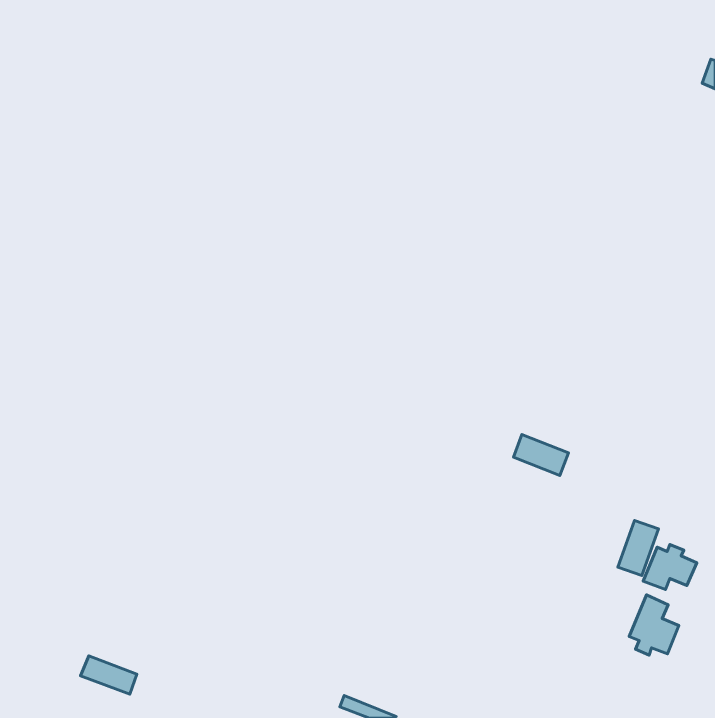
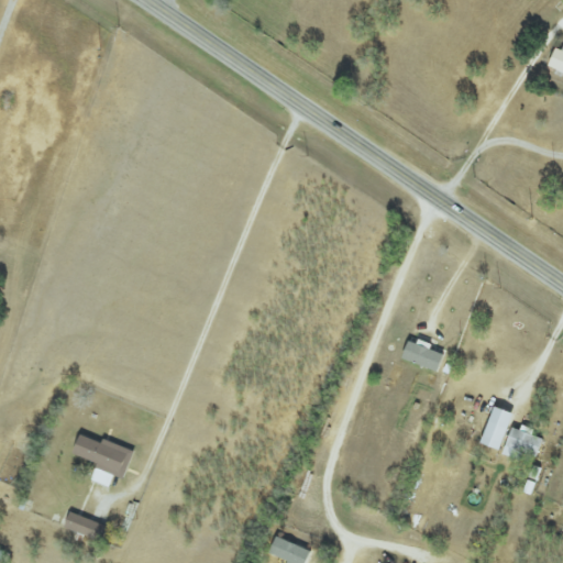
building: none -> [74,434,133,485]
building: [629,595,679,655] -> none

